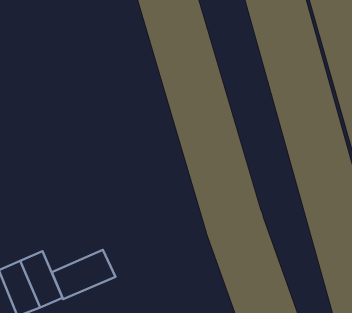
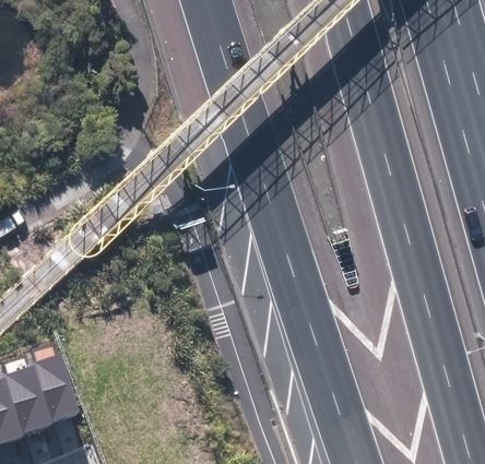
building: [52,250,116,299] -> none

